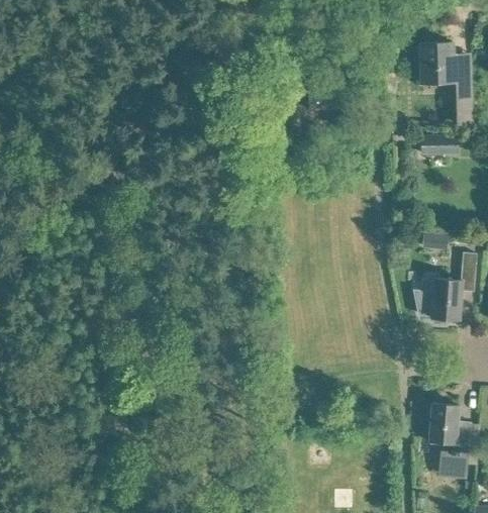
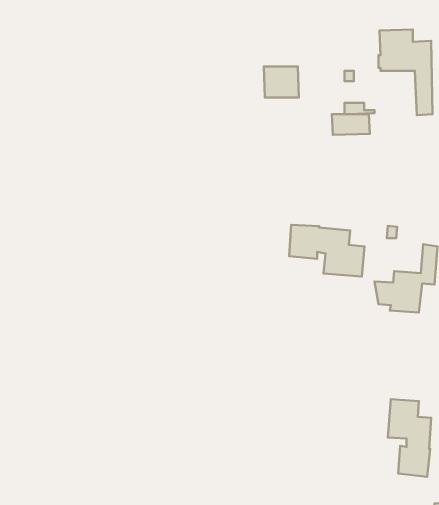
building: [420,135,458,156] -> [332,114,370,135]
building: none -> [289,225,364,276]

